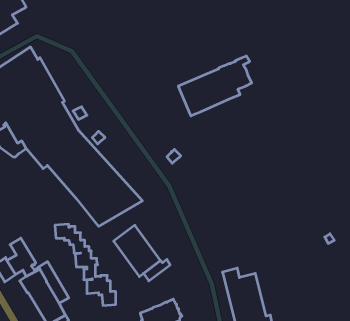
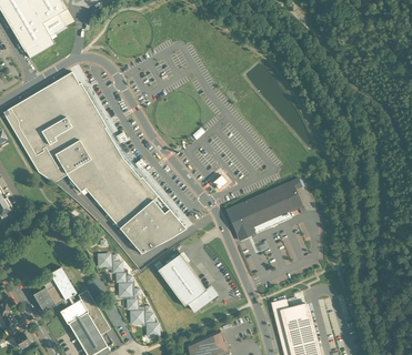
building: [178,56,252,116] -> [225,178,302,240]

